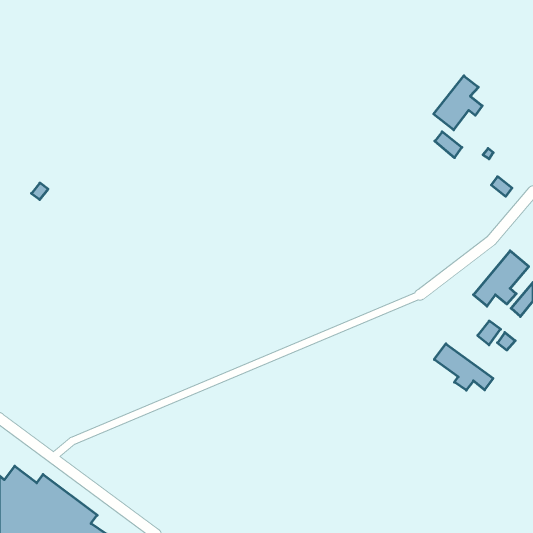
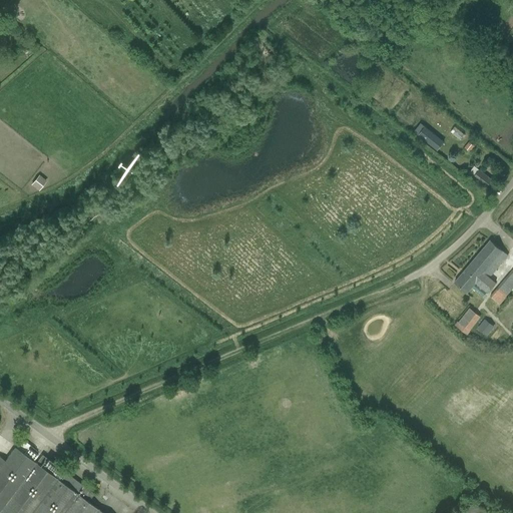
building: [434,76,482,130] -> none
building: [434,344,493,390] -> none

